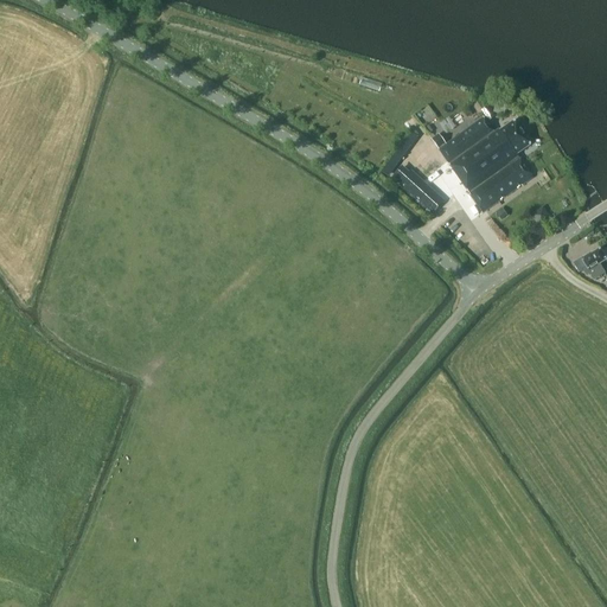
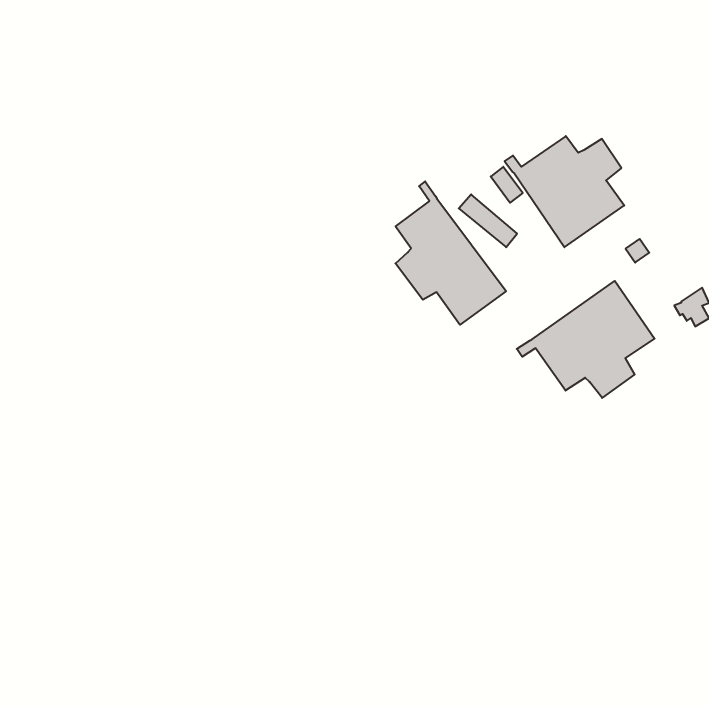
building: none -> [395,181,506,325]
building: none -> [517,281,655,398]

